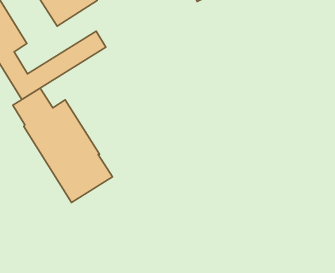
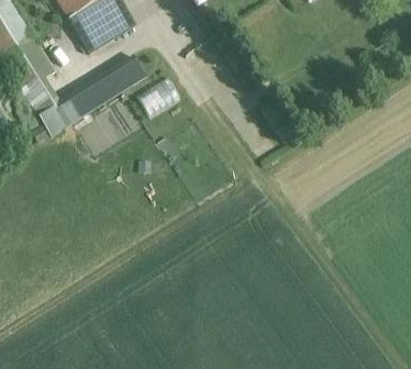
building: [13,88,112,202] -> none

